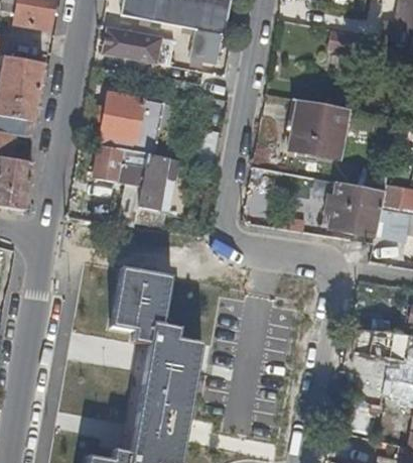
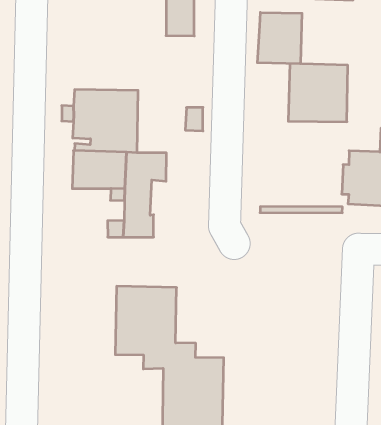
building: [104,28,174,62] -> none
building: none -> [257,12,302,64]

